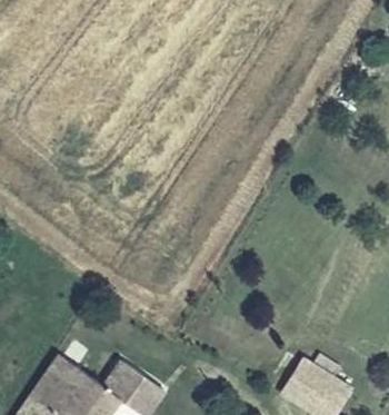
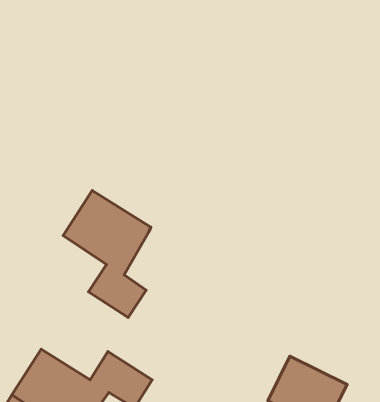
building: none -> [63,191,151,317]

